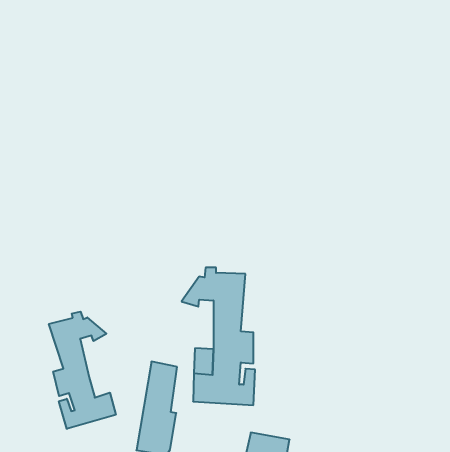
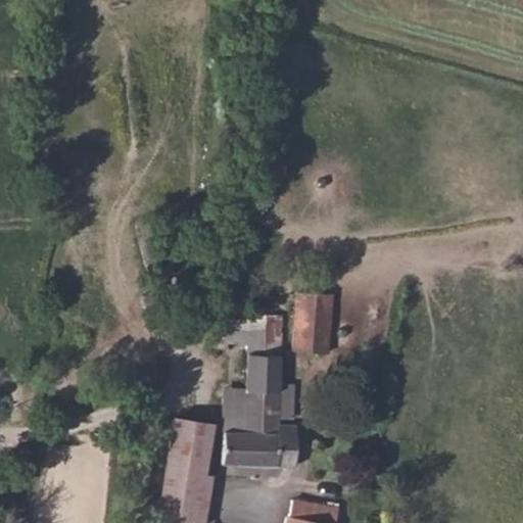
building: none -> [293,291,335,354]
building: [49,312,116,429] -> none

